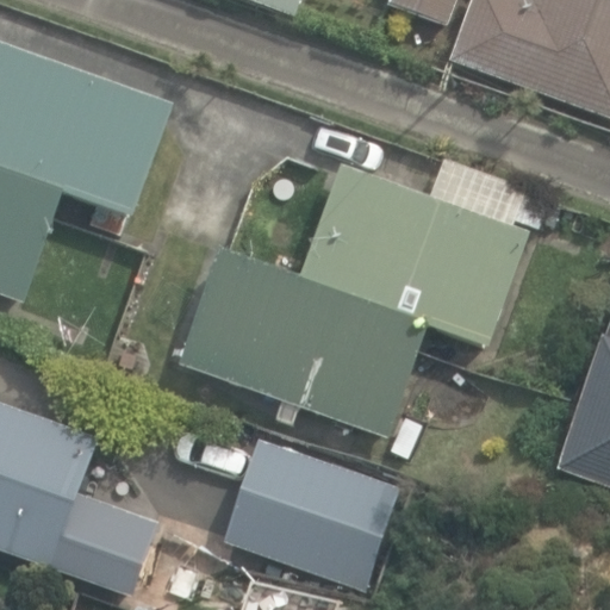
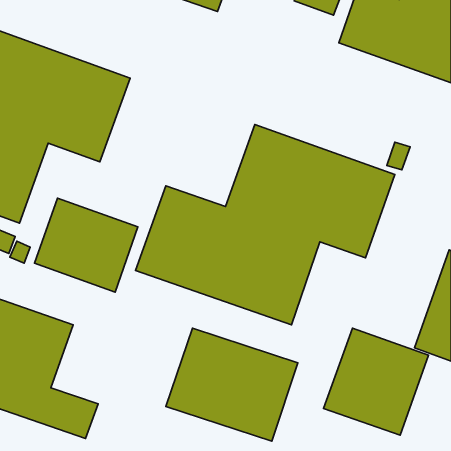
building: none -> [34,198,138,292]
building: none -> [324,328,428,435]

